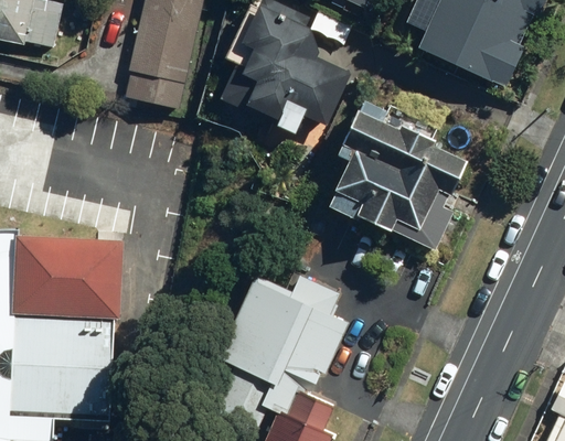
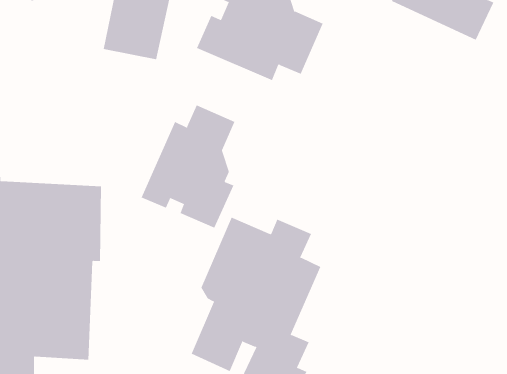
building: [330,93,470,250] -> none
building: none -> [141,105,235,228]

